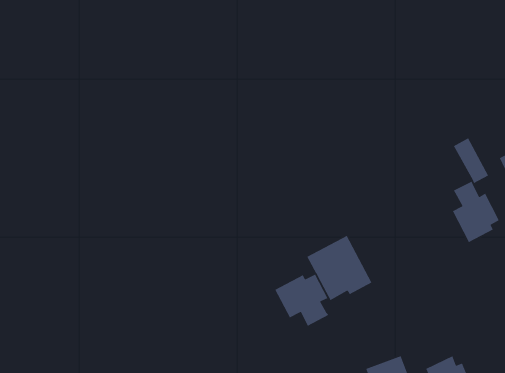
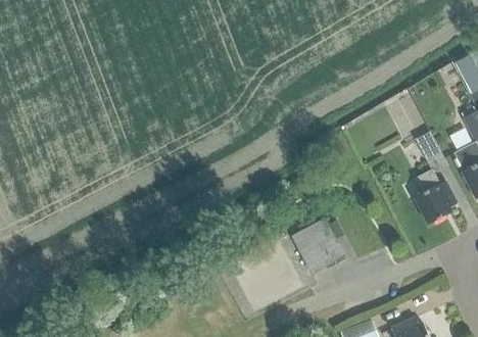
building: [274,274,329,327] -> none

